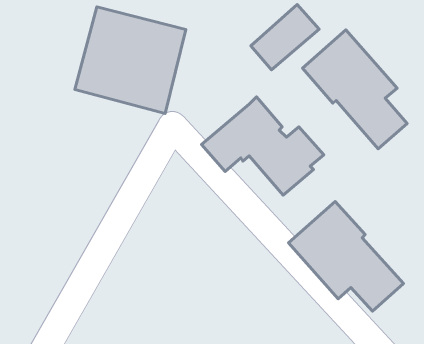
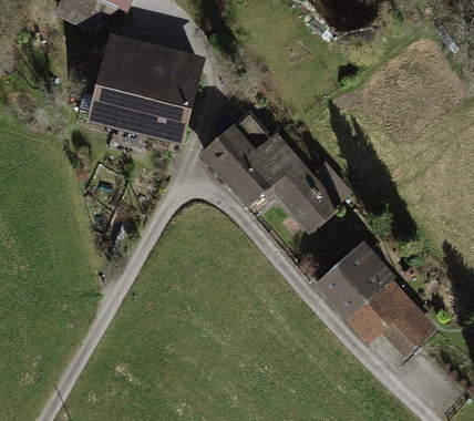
building: [251,4,319,70] -> [198,110,271,179]
building: [302,30,407,149] -> none

